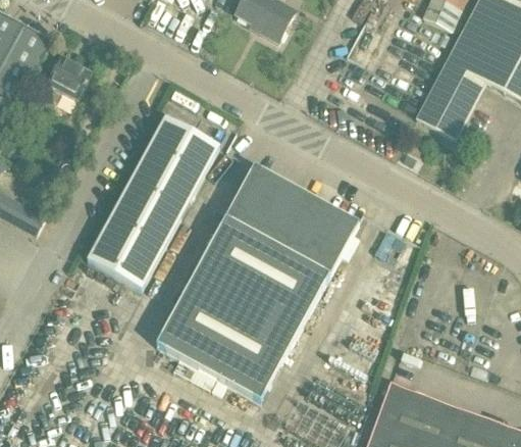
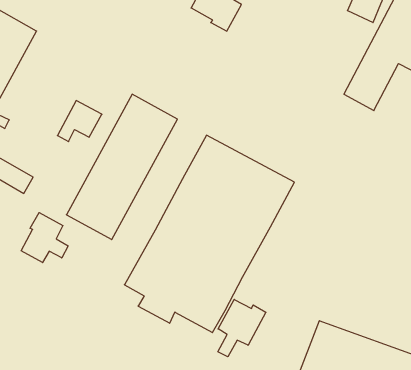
building: [40,56,93,105] -> [57,101,102,142]
building: none -> [21,213,68,263]
building: none -> [218,299,266,357]

